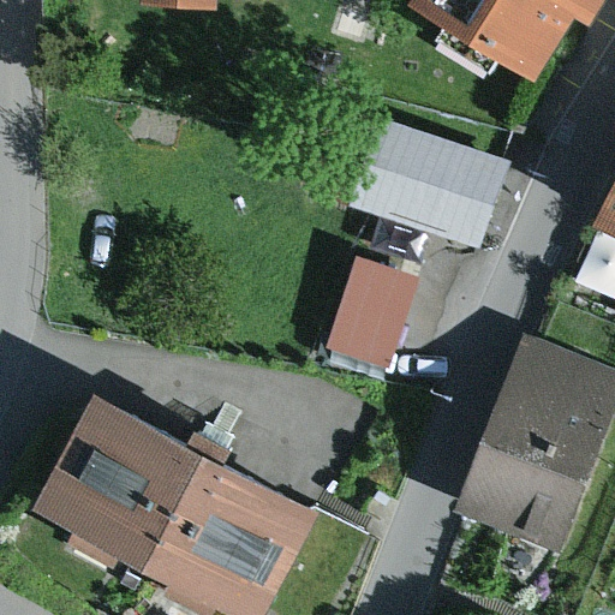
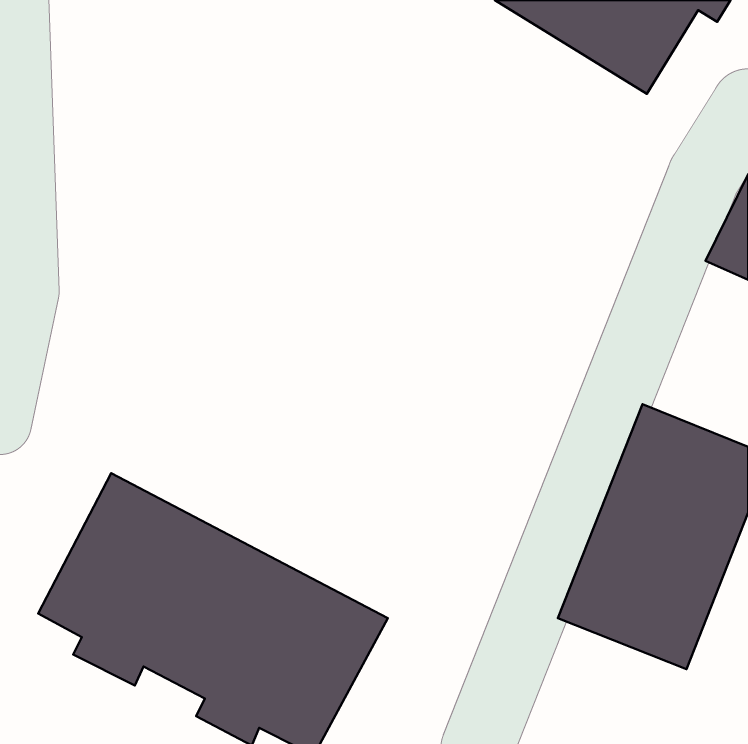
building: [341,114,504,251] -> none
building: [324,259,417,368] -> none

